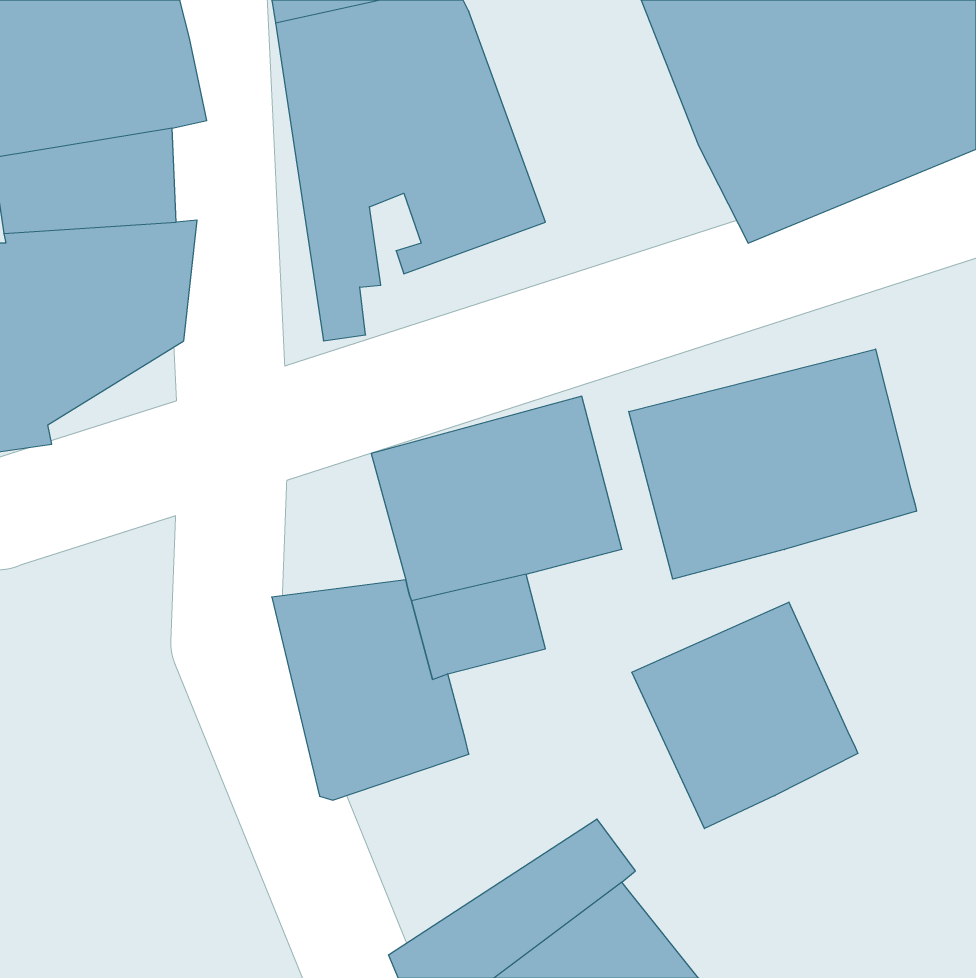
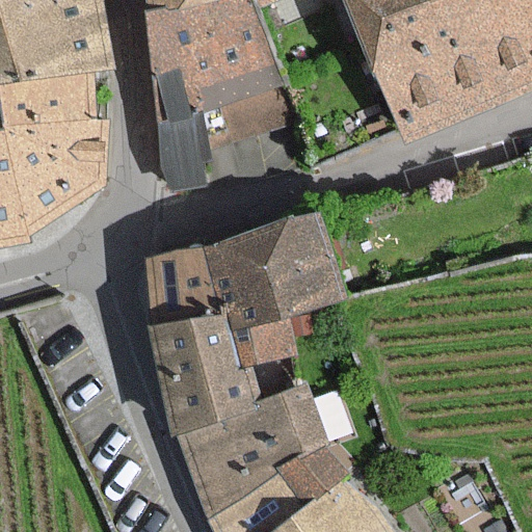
building: [629,349,916,579] -> none
building: none -> [148,246,220,324]
building: [632,602,858,829] -> none
building: none -> [181,388,324,518]

